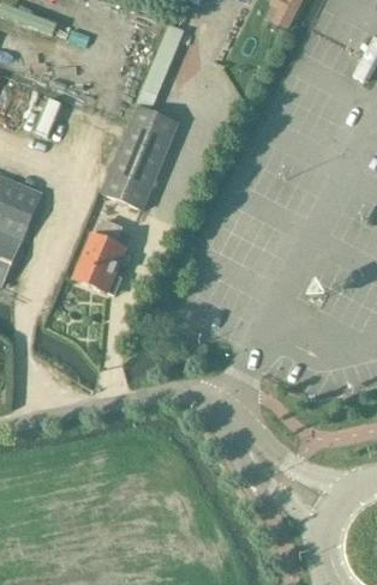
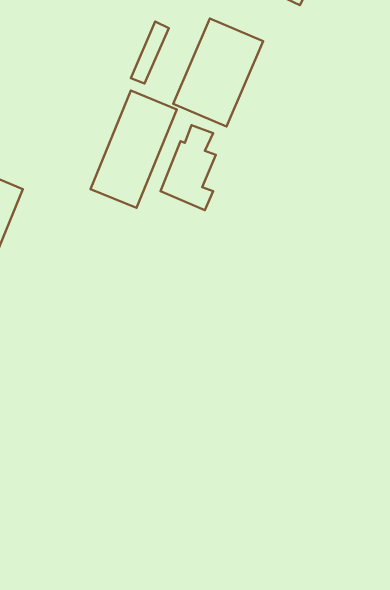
building: none -> [173,18,263,126]
building: [74,219,124,295] -> [160,125,216,210]

